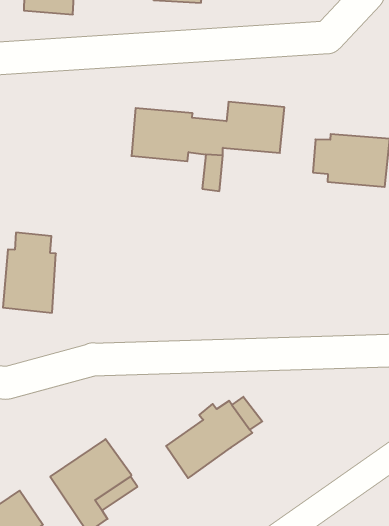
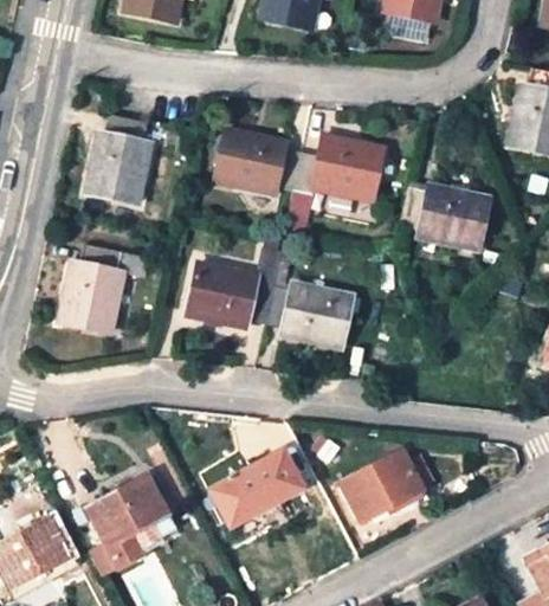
building: none -> [85,118,149,205]
building: none -> [187,264,354,349]
building: none -> [342,450,426,521]

